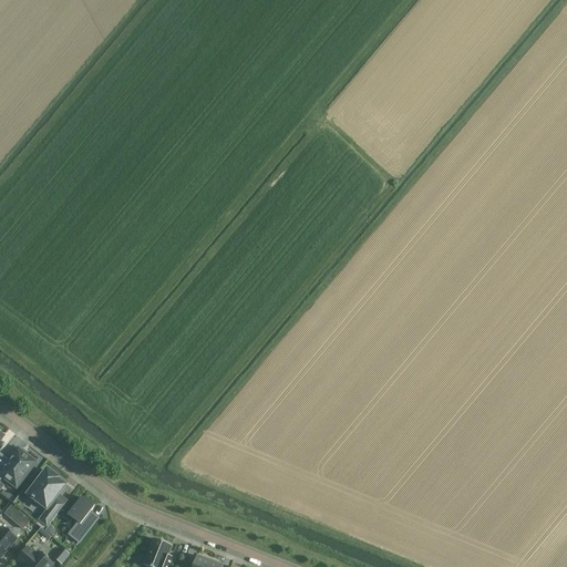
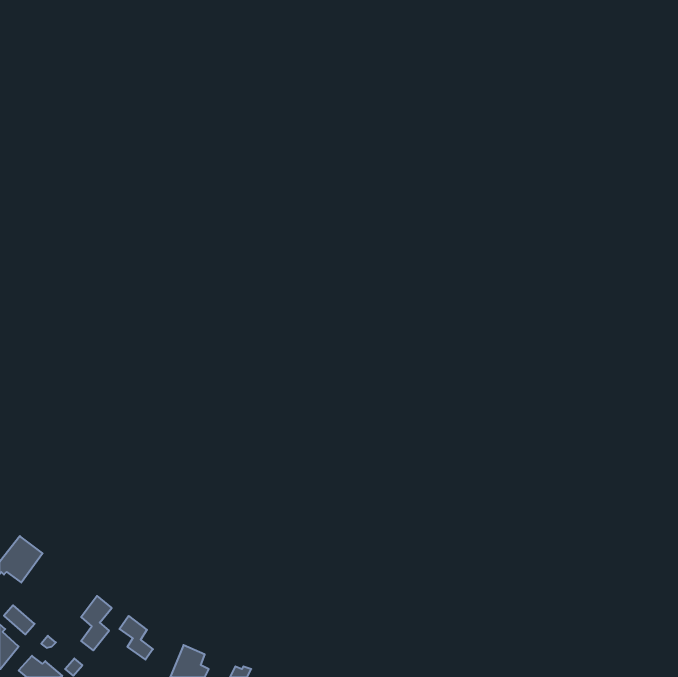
building: [27,468,63,518] -> none
building: none -> [119,616,153,660]

